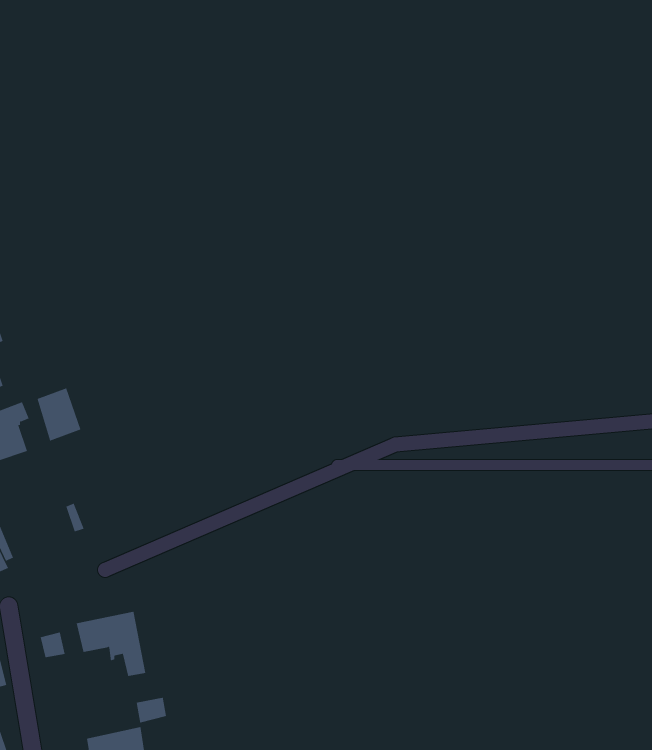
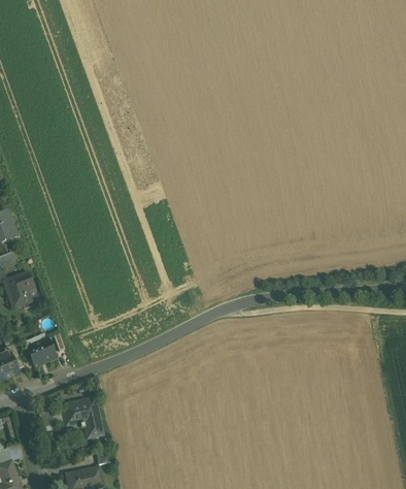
building: [37,388,81,441] -> none
building: none -> [26,337,56,365]

